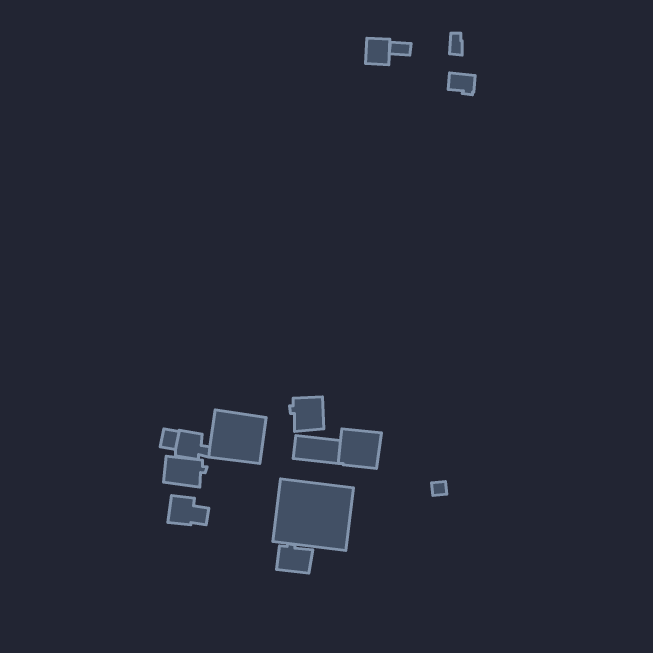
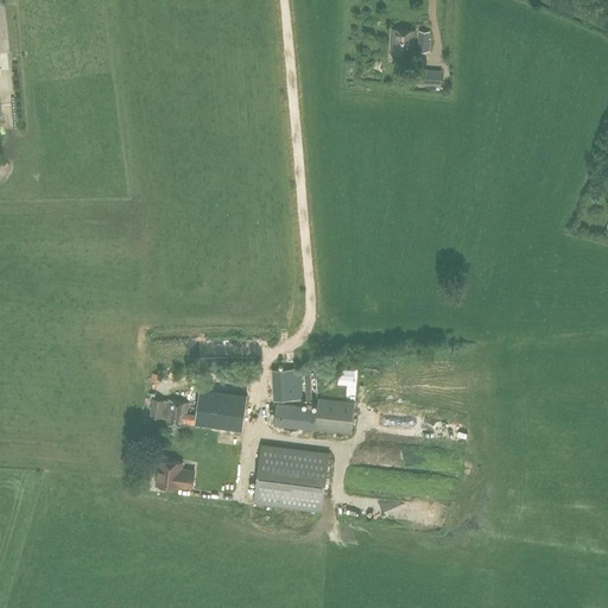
building: [366,38,390,65] -> [391,30,413,55]
building: [163,456,207,487] -> none
building: [277,543,313,573] -> none

